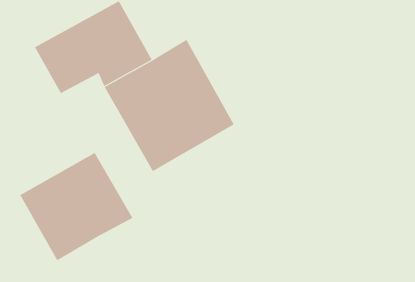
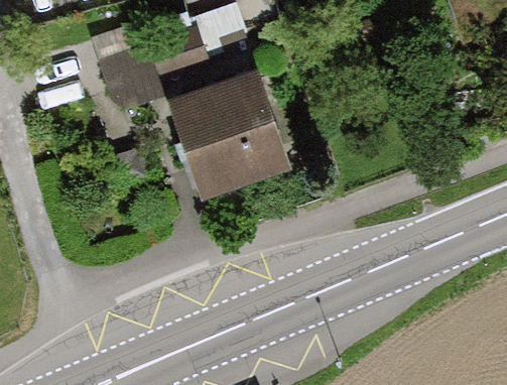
building: [20,152,133,261] -> none

